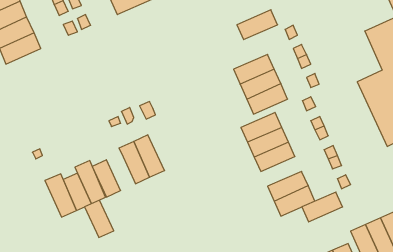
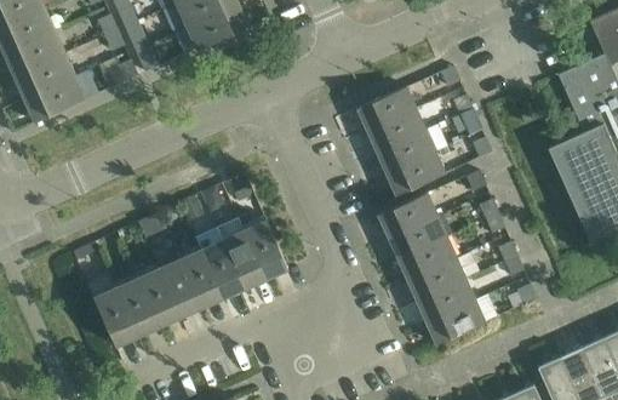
building: [237,10,278,40] -> [356,86,416,130]
building: none -> [241,216,287,278]
building: [302,192,343,222] -> [406,257,465,301]
building: [85,200,114,237] -> [181,252,223,307]

